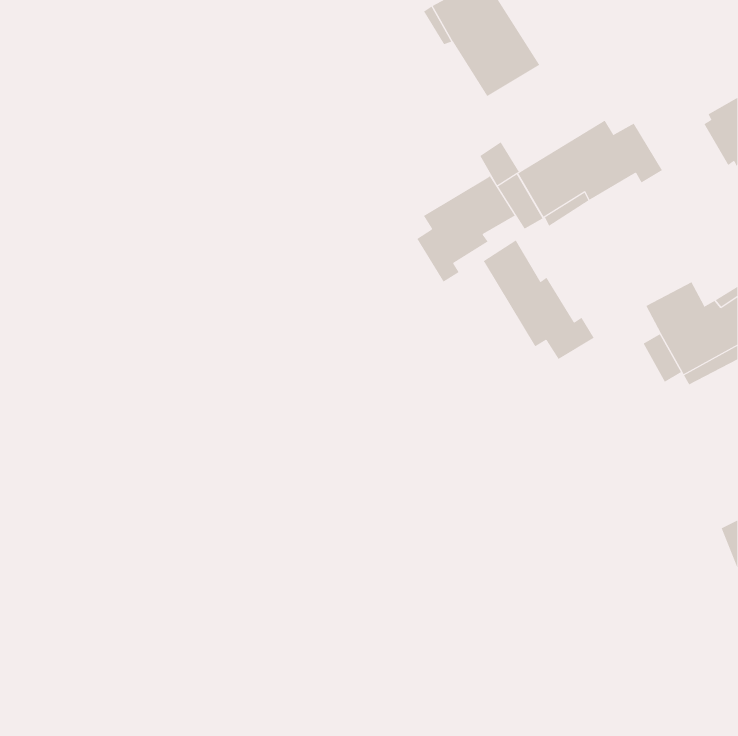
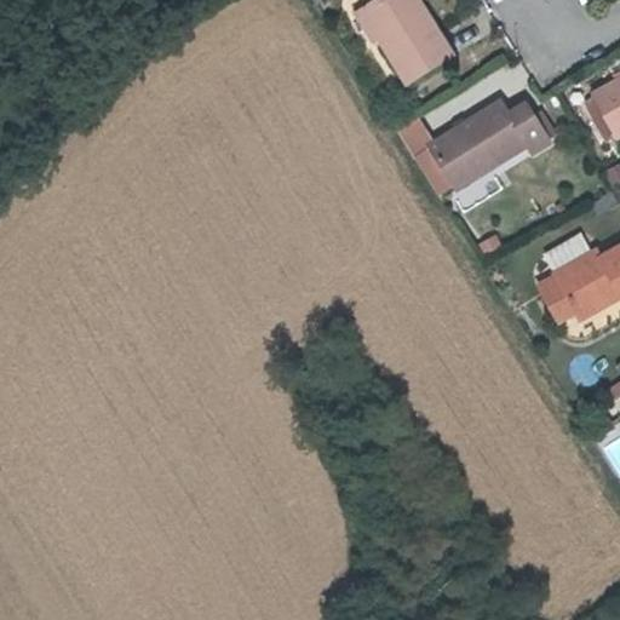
building: [417,175,515,282] -> none
building: [483,240,595,360] -> none

